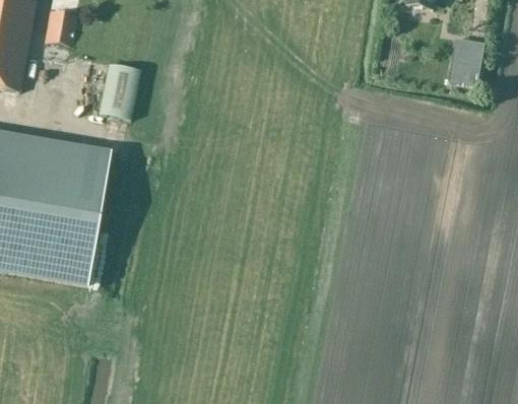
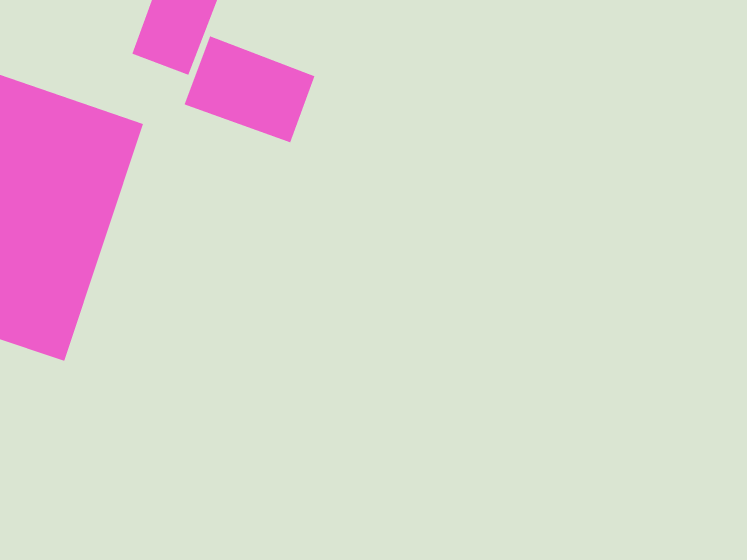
building: none -> [184,36,315,143]

